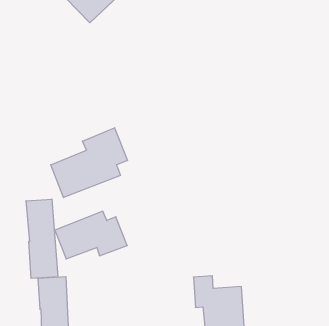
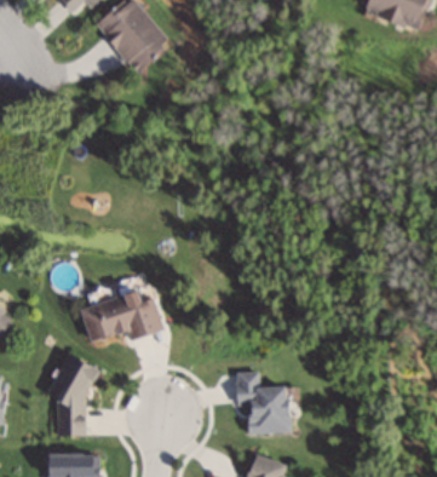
building: [51,128,127,198] -> none
building: [26,199,58,278] -> none

